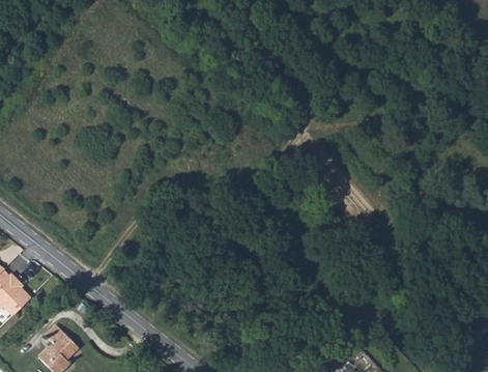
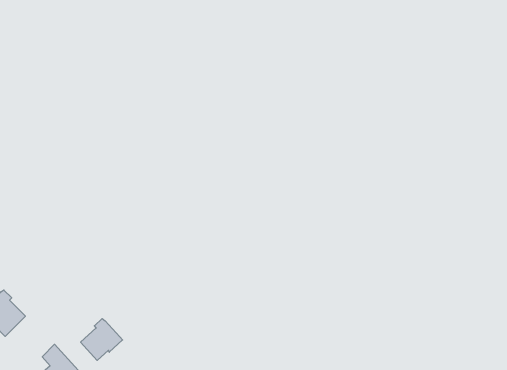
building: none -> [81,319,123,360]

